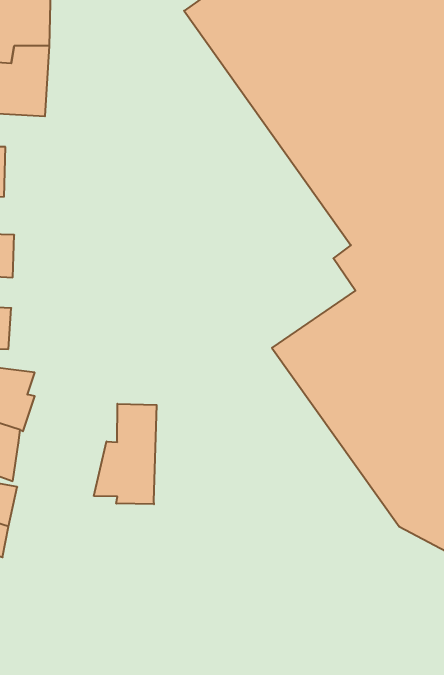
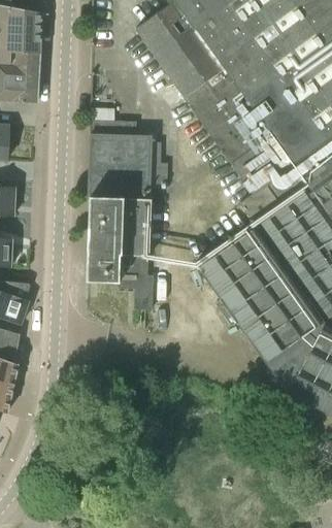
building: none -> [88,119,169,308]
building: [94,404,157,504] -> none

